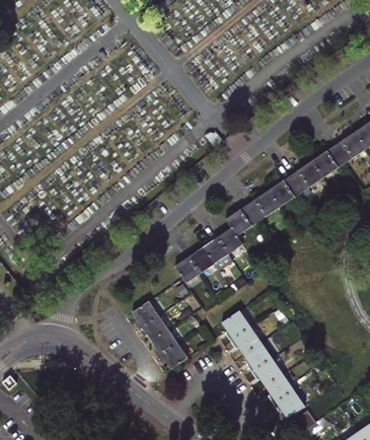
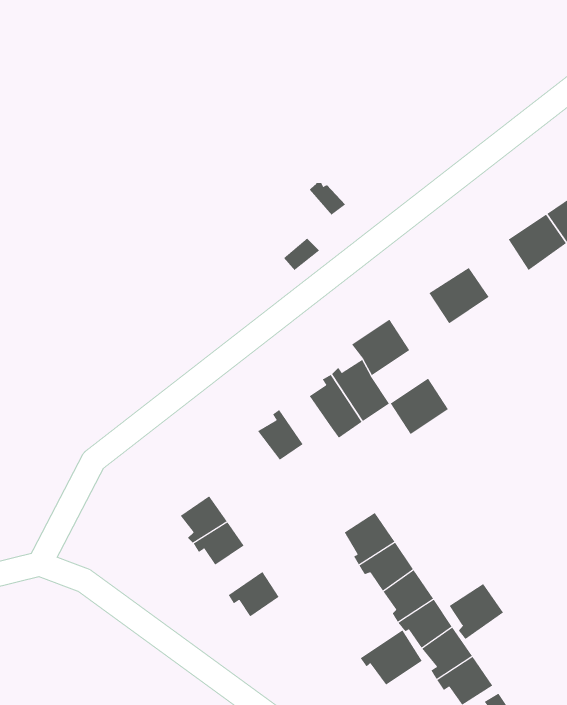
building: [291,160,323,192] -> none
building: [247,190,280,221] -> [390,378,449,435]
building: [187,246,214,273] -> none
building: [151,328,177,356] -> none
building: none -> [449,583,504,640]
building: none -> [360,629,423,685]

